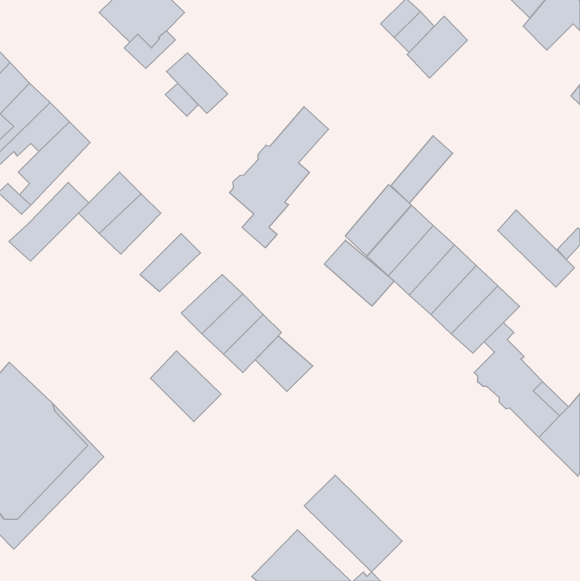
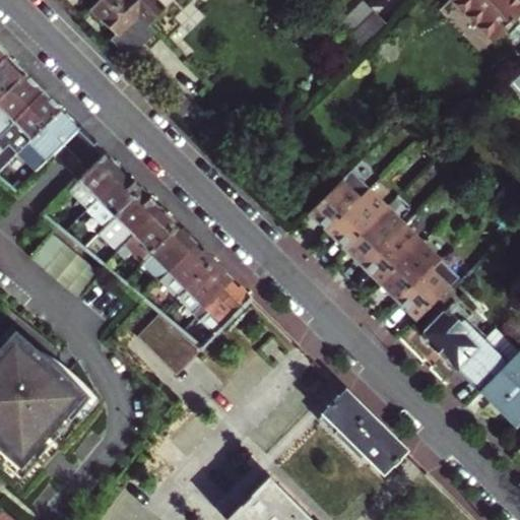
building: [407,16,467,78] -> none
building: [166,53,228,113] -> none
building: [229,107,329,248] -> none
building: [391,136,453,203] -> none
building: [9,182,89,261] -> [90,190,161,260]
building: [498,210,574,287] -> none
building: [324,240,394,306] -> none
building: none -> [142,225,198,279]
building: [255,336,313,391] -> none
building: [304,475,402,572] -> [316,391,403,477]

